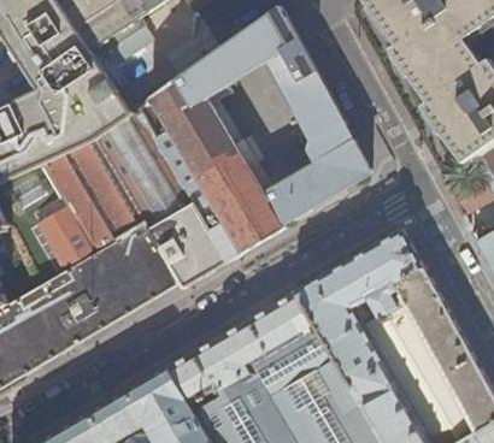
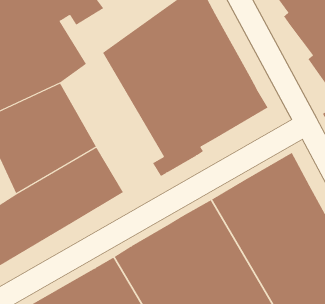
building: [94,110,227,289] -> none

